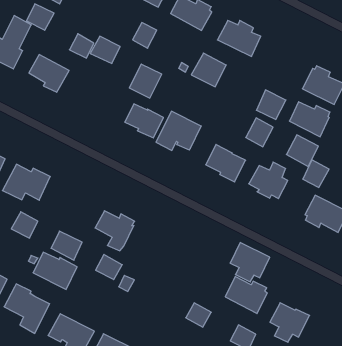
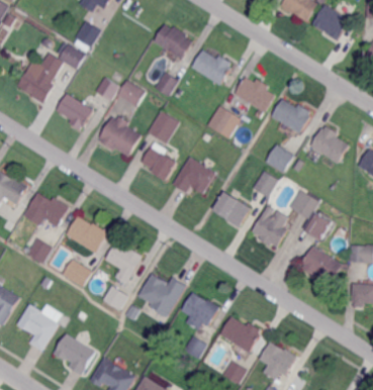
building: none -> [98,116,141,157]
building: [289,102,330,137] -> [271,100,309,134]
building: none -> [133,273,184,318]
building: [230,243,270,282] -> [182,292,219,329]
building: [33,252,77,289] -> [67,216,108,253]

